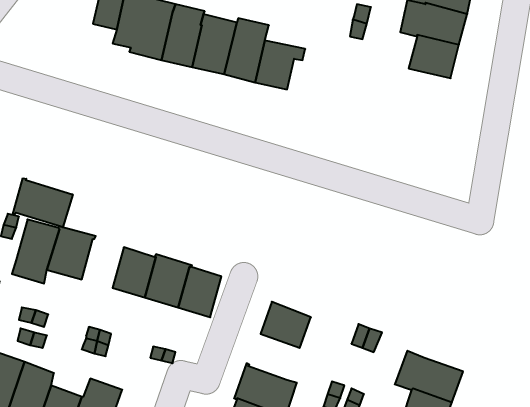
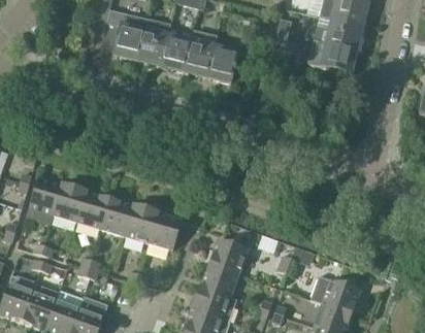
building: [13,178,73,227] -> none
building: none -> [77,191,108,227]
building: none -> [200,261,238,295]

